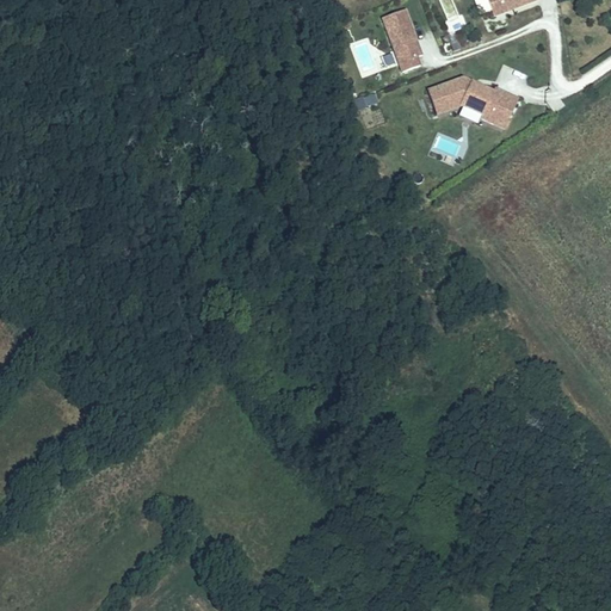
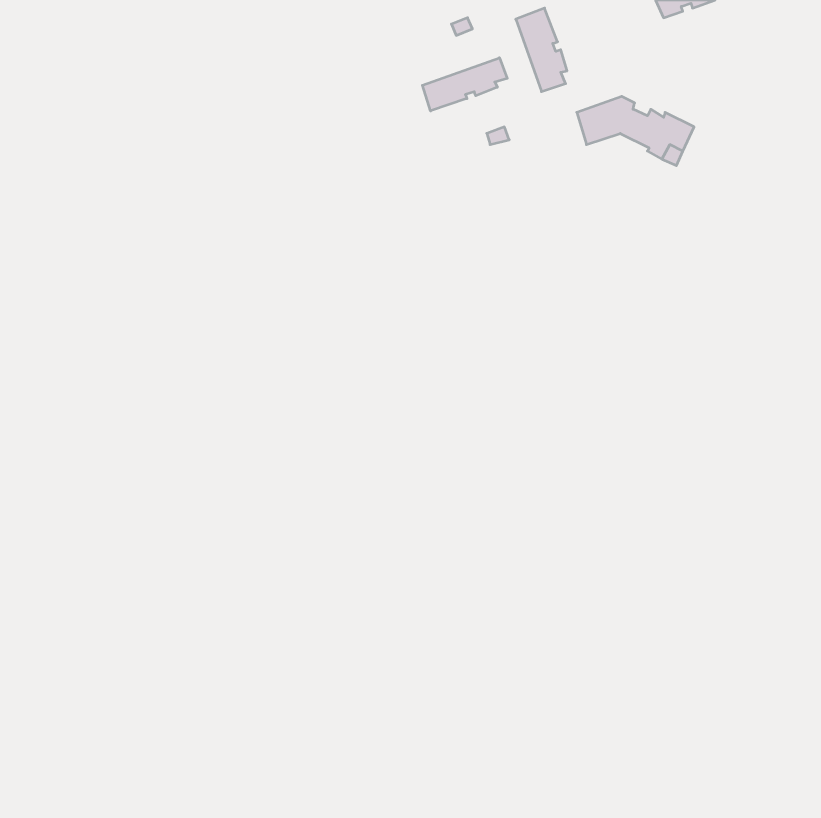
building: none -> [422,58,507,111]

